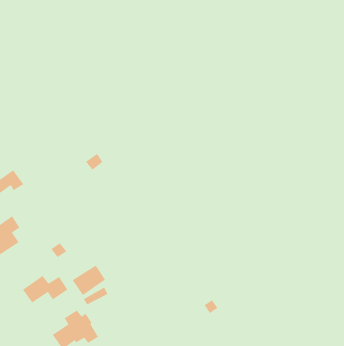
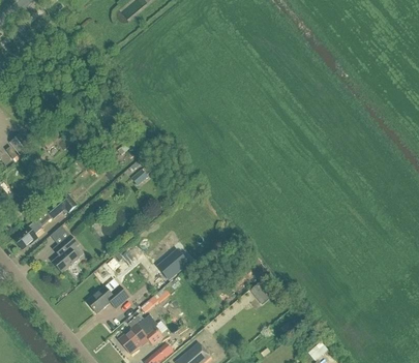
building: [72,265,106,296] -> [156,250,187,280]

